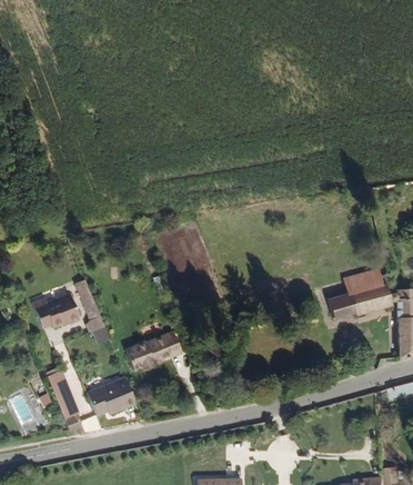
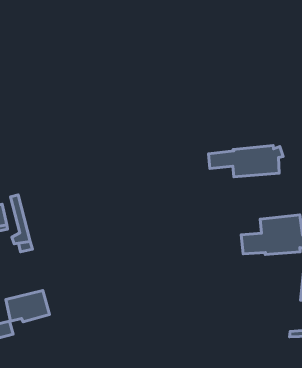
building: none -> [208,146,283,177]
building: [127,331,183,369] -> none

